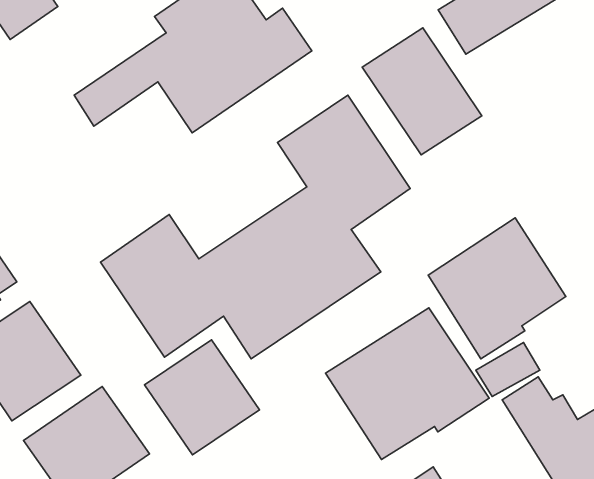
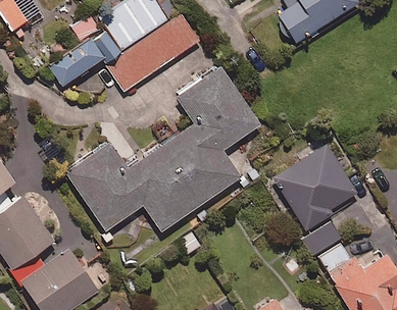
building: [362,28,482,155] -> none
building: [325,308,489,460] -> none
building: [144,340,260,455] -> none

